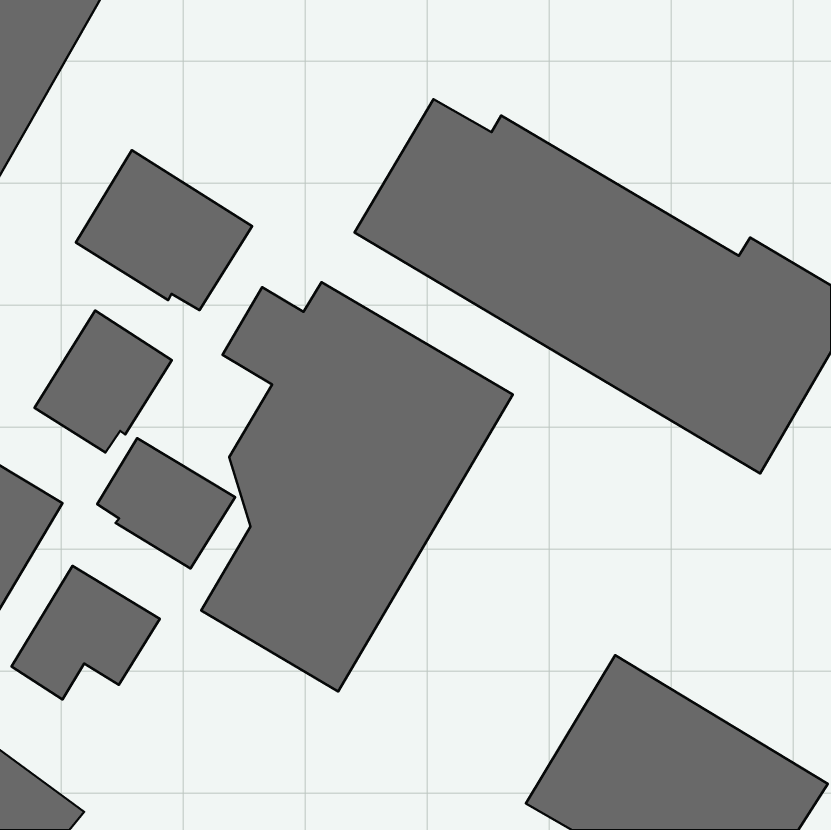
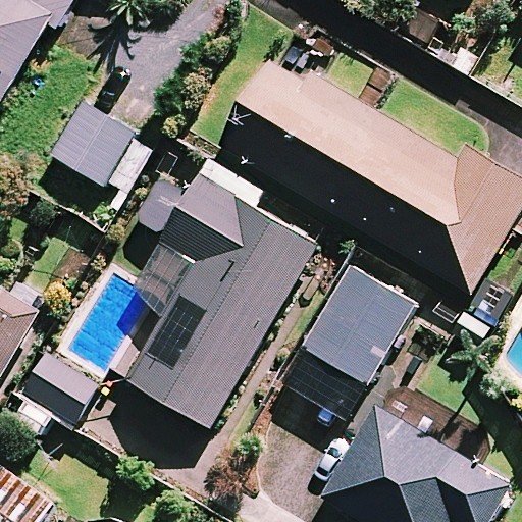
building: [34,311,172,453] -> none
building: none -> [280,265,414,429]
building: [97,438,235,569] -> none

